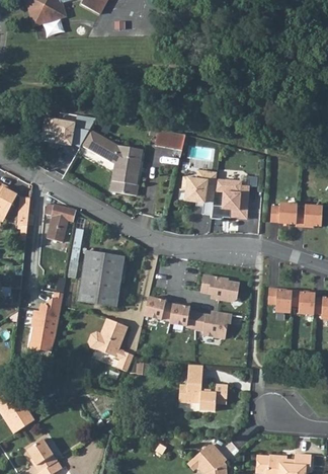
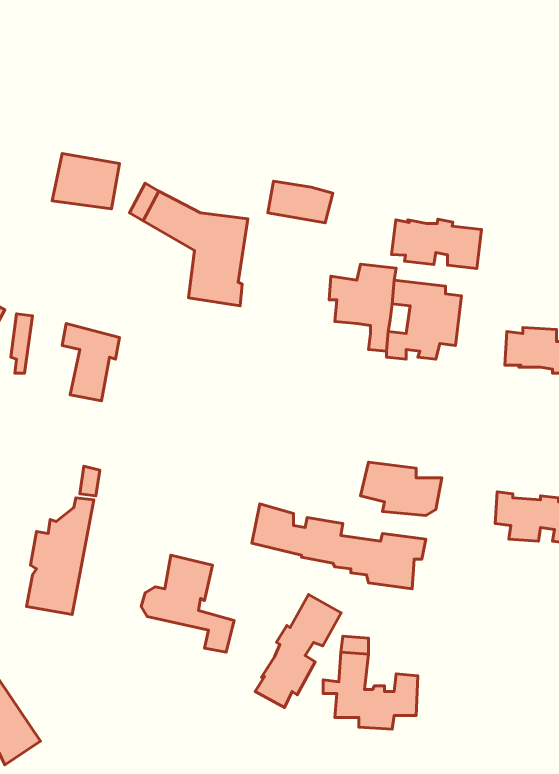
building: none -> [392,219,482,269]
building: [76,249,122,307] -> none
building: none -> [255,595,341,708]

